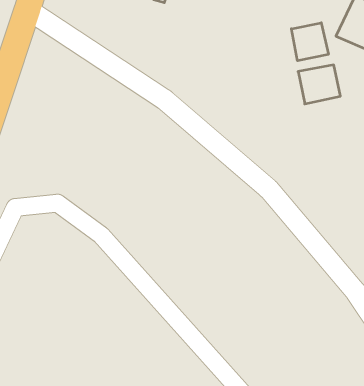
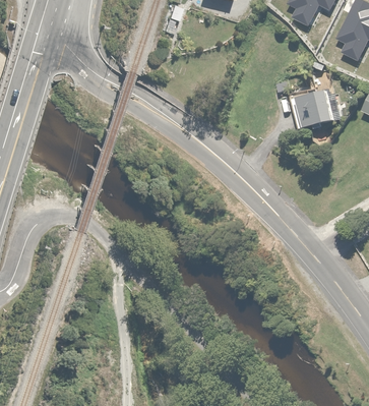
building: [291,23,328,61] -> none

